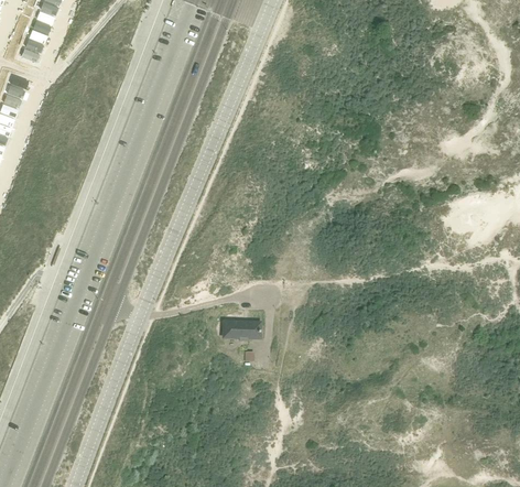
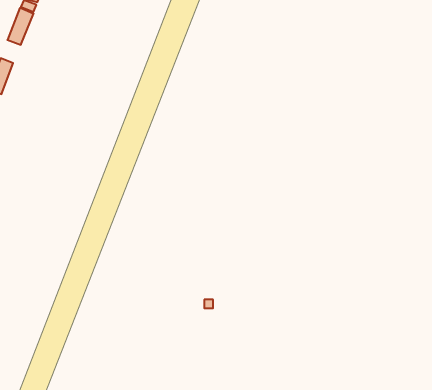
building: [220,318,259,336] -> none

